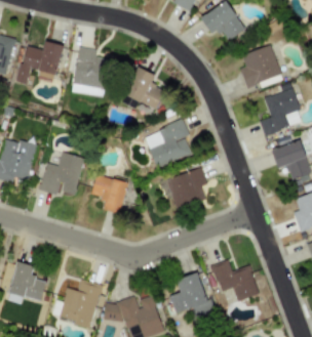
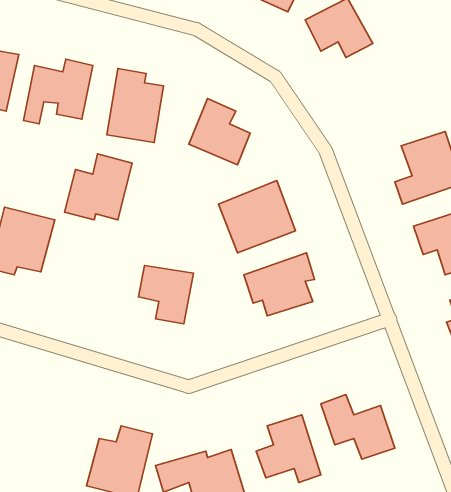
building: [241,45,281,86] -> none
building: [40,152,84,195] -> [64,154,132,220]
building: [8,261,47,303] -> none

